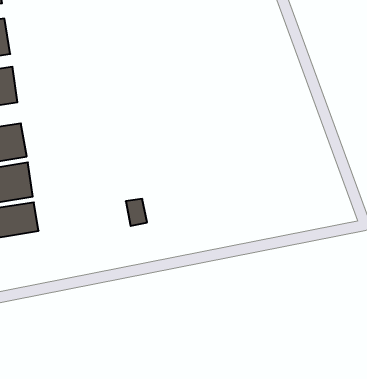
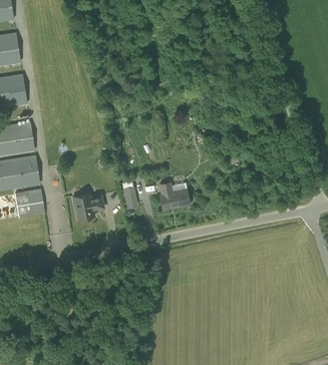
building: none -> [158,181,190,210]
building: none -> [72,193,103,220]

